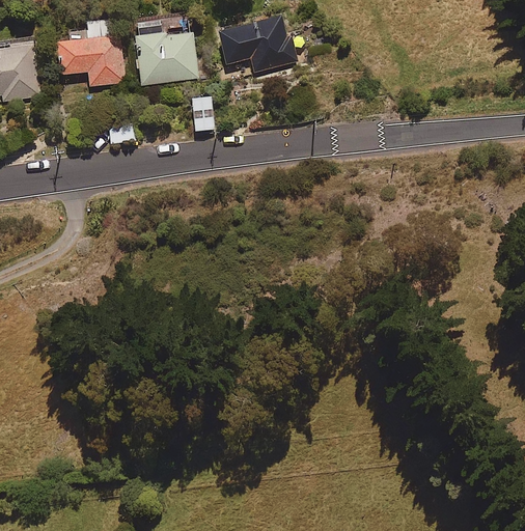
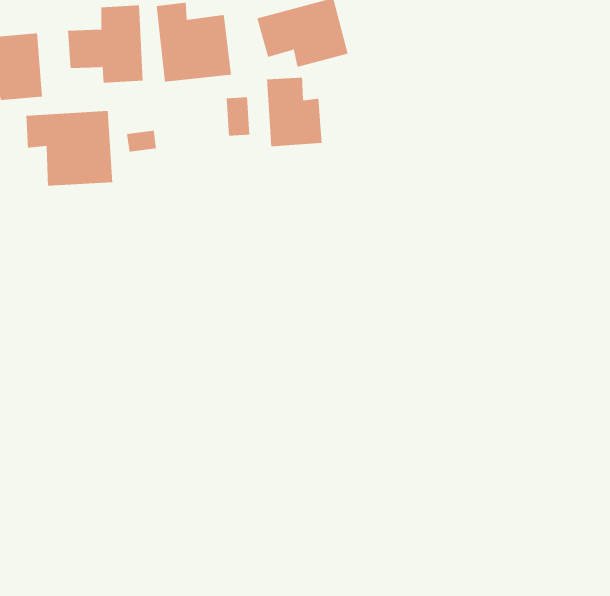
building: none -> [267,77,322,147]
building: none -> [26,110,113,186]

